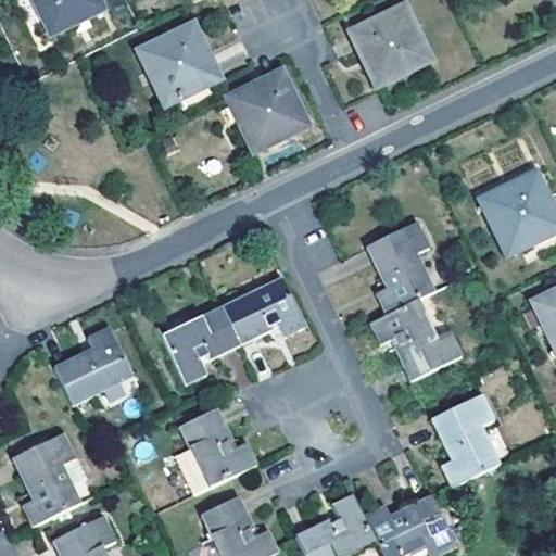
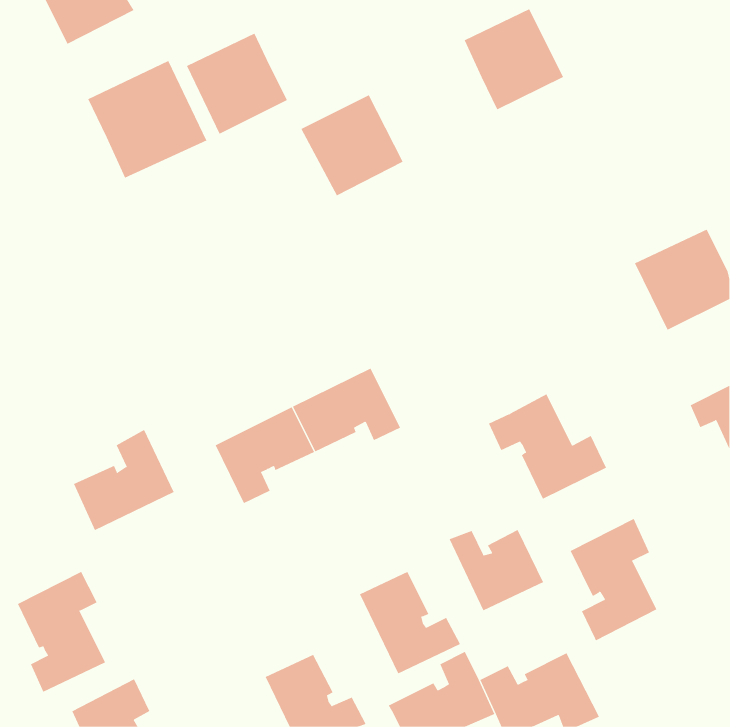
building: none -> [87,60,207,179]
building: [367,220,433,314] -> none
building: none -> [449,529,544,611]
building: [179,407,256,485] -> [359,571,461,674]

